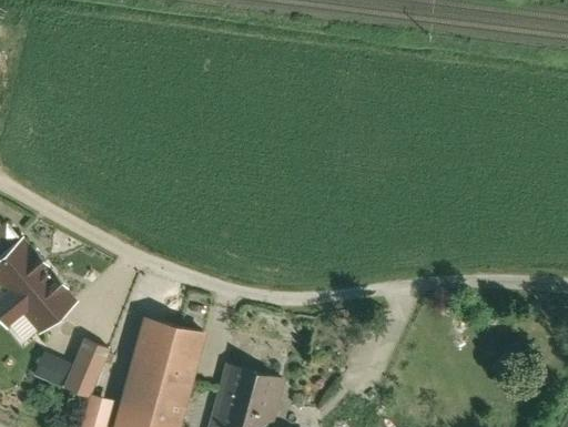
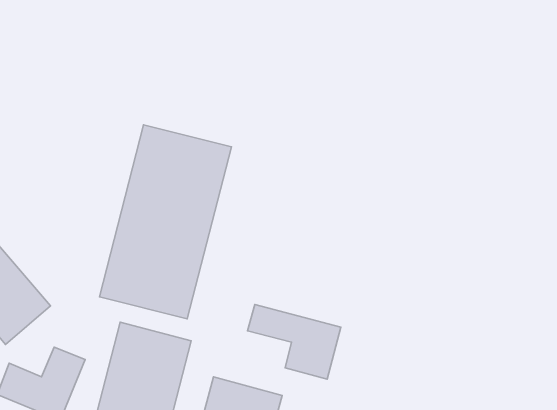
building: none -> [99,125,231,319]
building: none -> [247,304,341,379]

